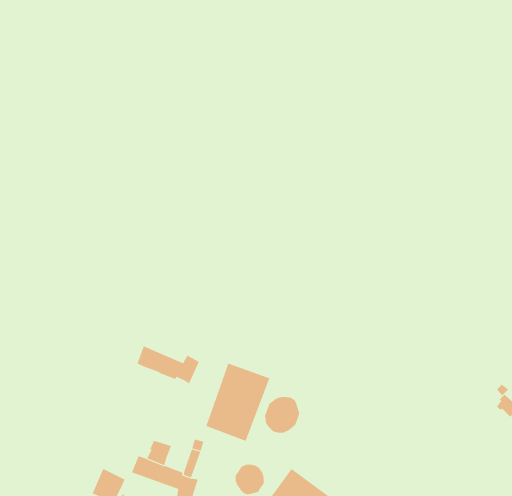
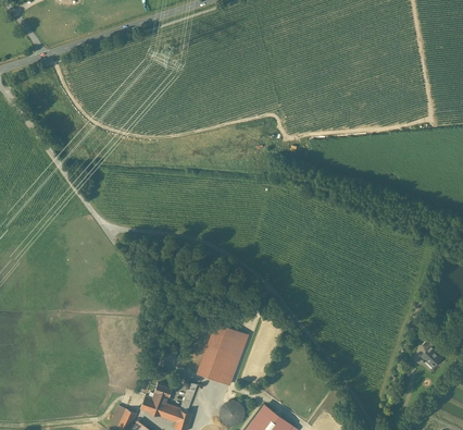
building: [137,346,199,384] -> none
building: [265,396,300,434] -> none

